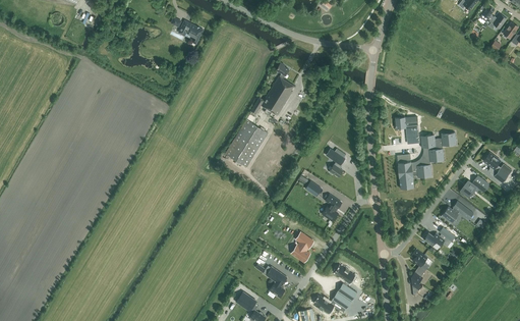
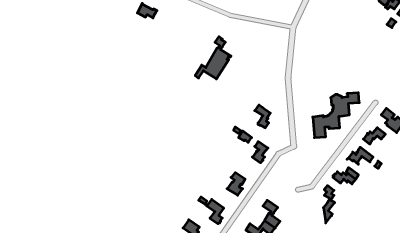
building: [395,116,419,143] -> none
building: [225,119,268,167] -> none

